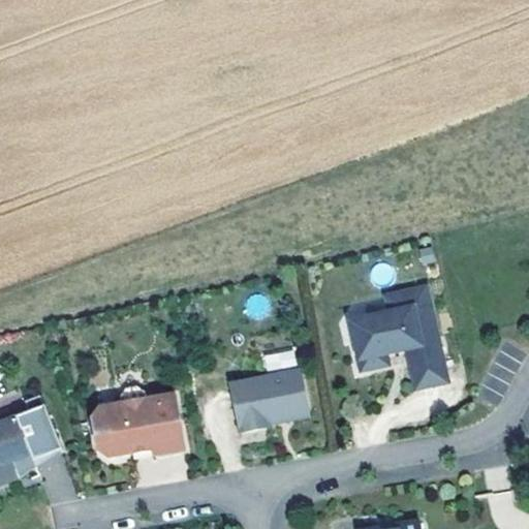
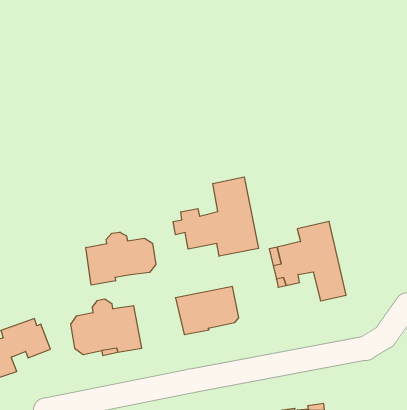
building: none -> [173,177,258,256]
building: none -> [86,232,156,285]

